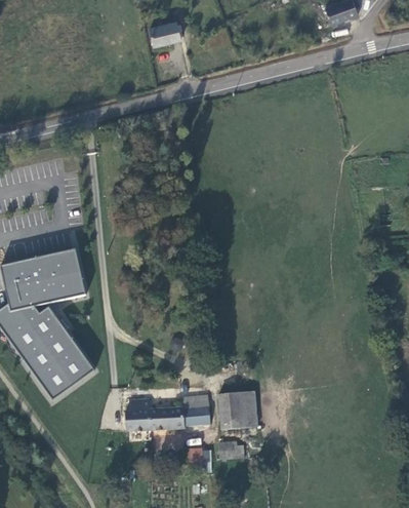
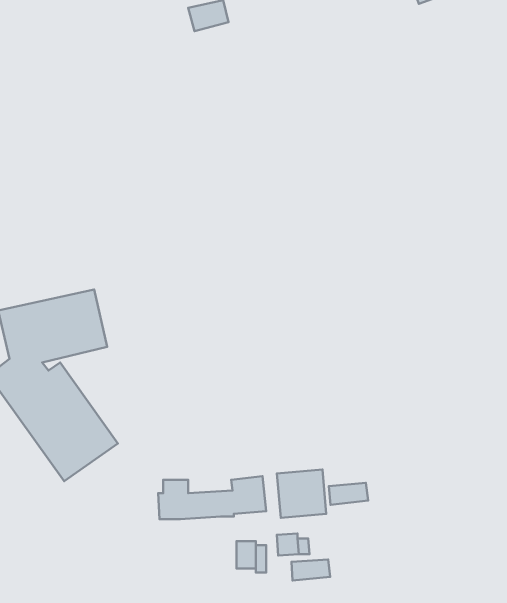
building: none -> [329,483,368,505]
building: none -> [292,559,330,581]

